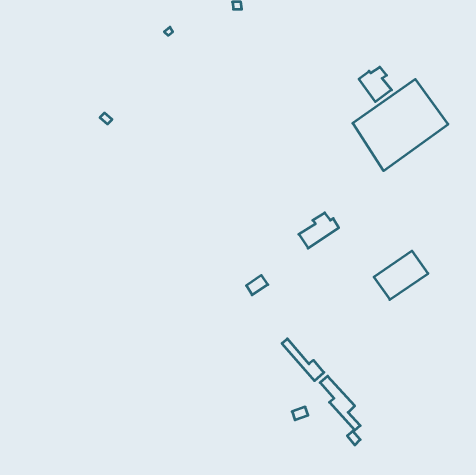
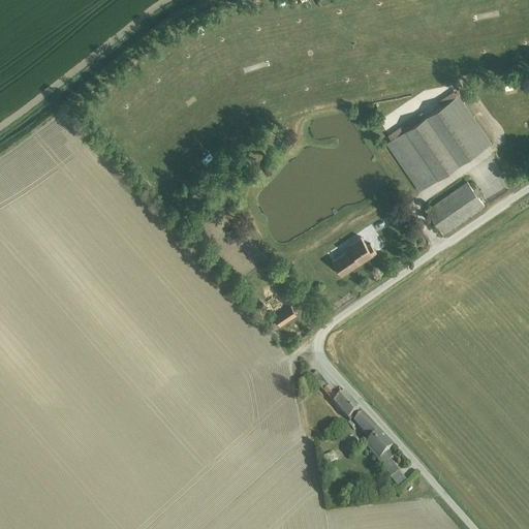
building: [359,67,392,102] -> none
building: [374,251,428,300] -> [425,182,485,236]

